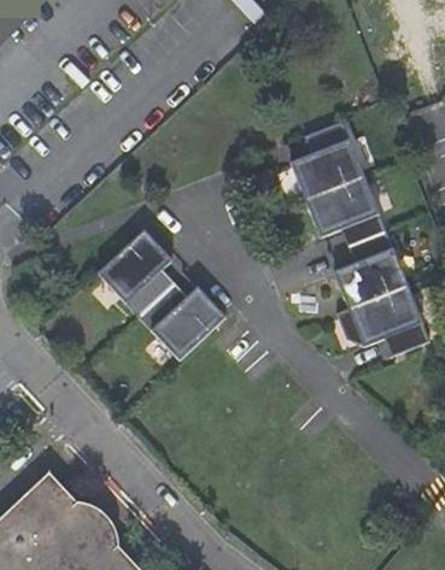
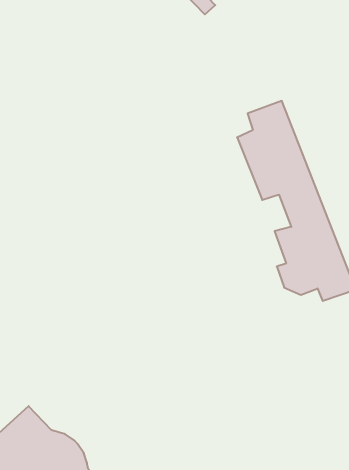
building: [98,231,224,359] -> none

